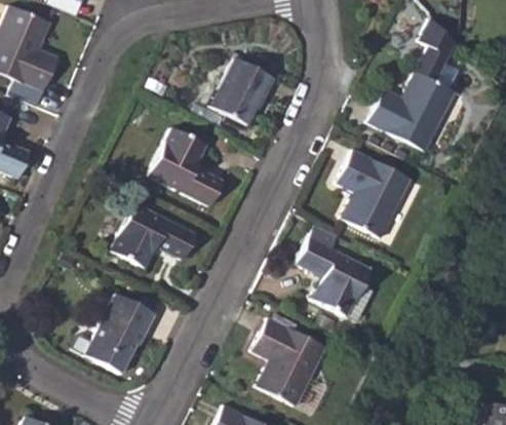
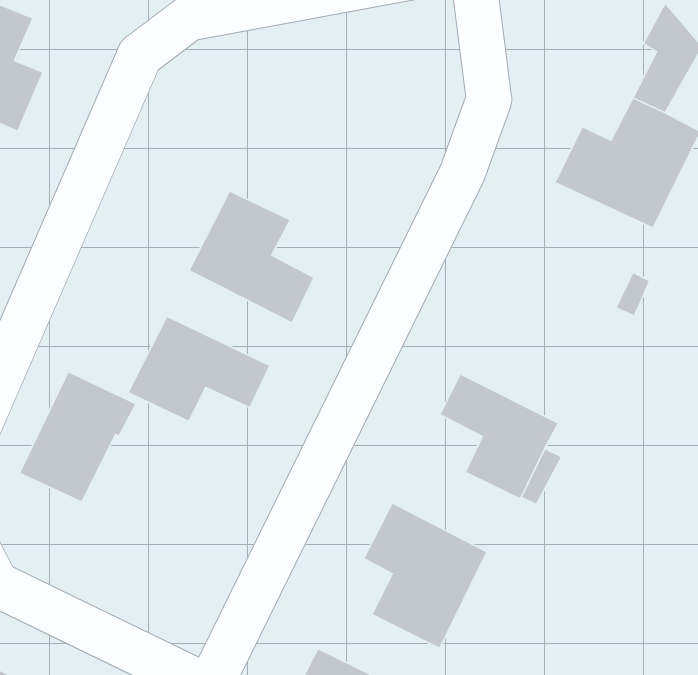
building: [209,52,277,125] -> none
building: [338,150,412,237] -> none
building: [85,294,156,373] -> [19,372,136,502]

